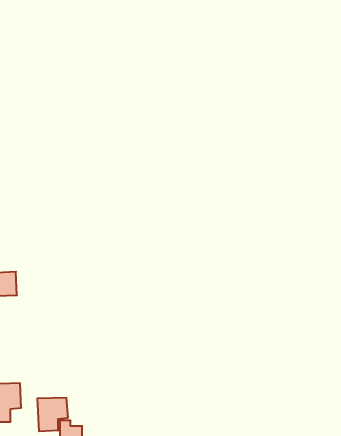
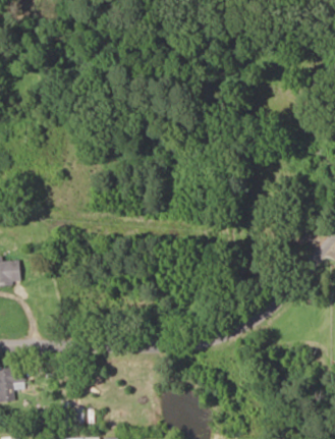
building: [37,398,68,431] -> none

